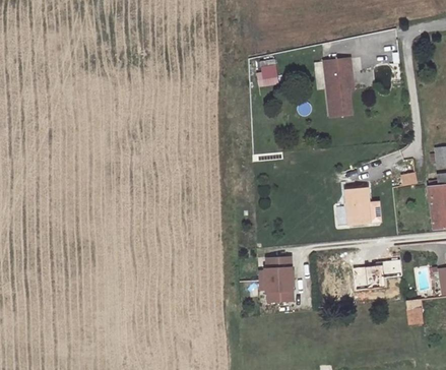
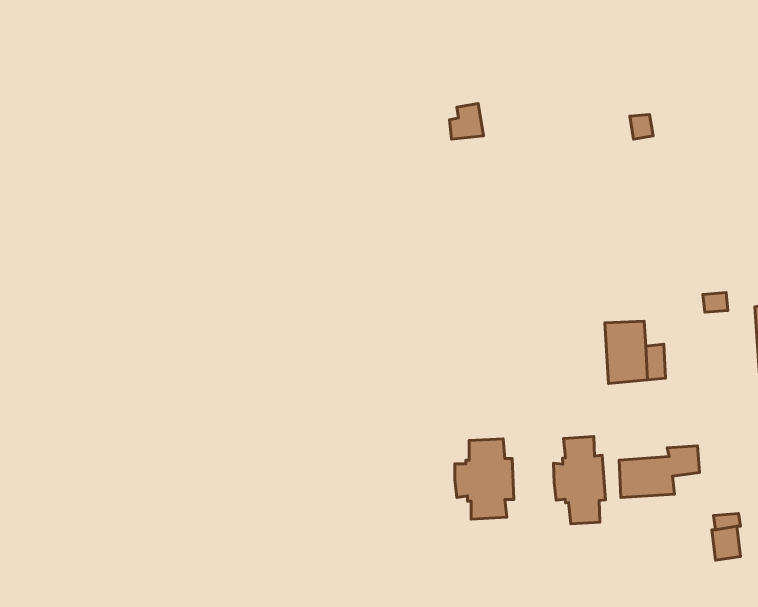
building: [325,59,353,115] -> none
building: none -> [554,436,605,524]

